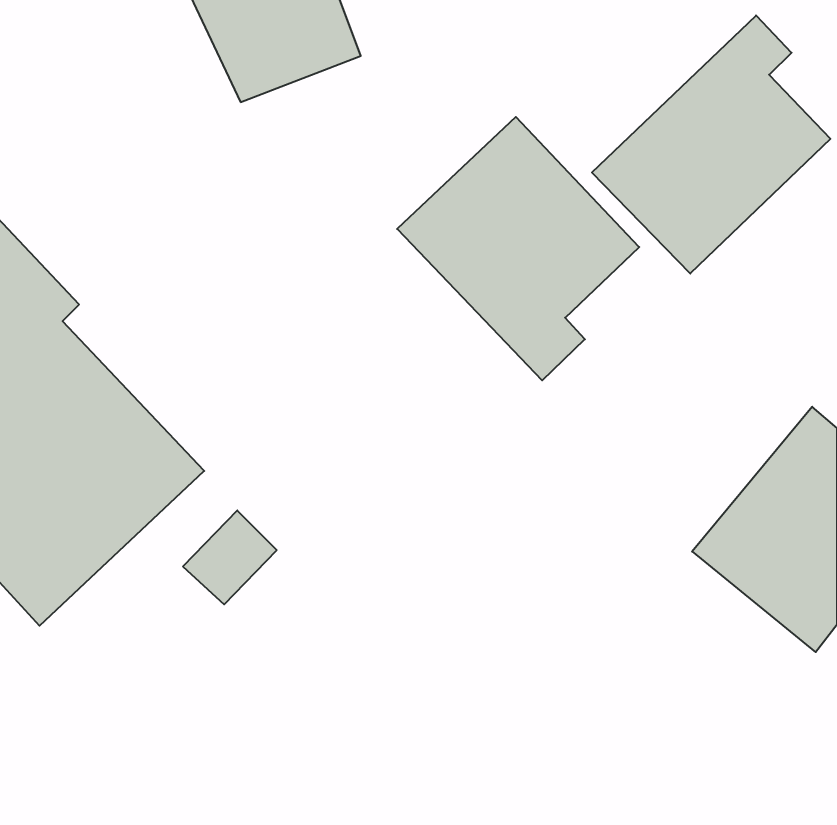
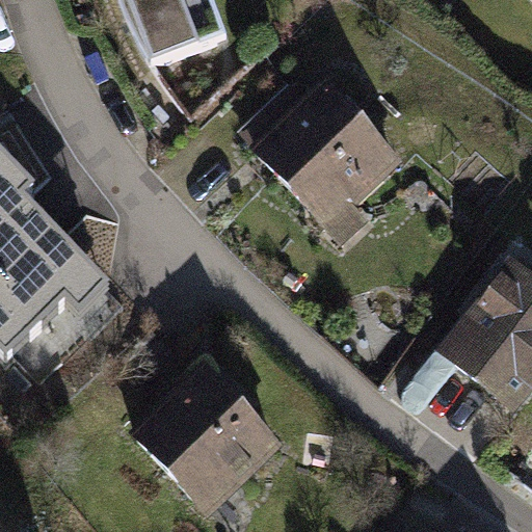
building: [592,15,830,274] -> none
building: none -> [129,363,280,514]

